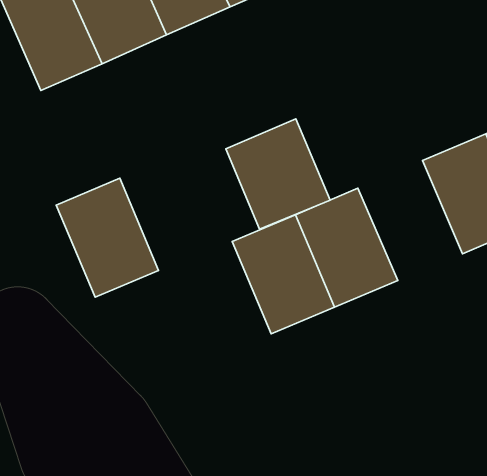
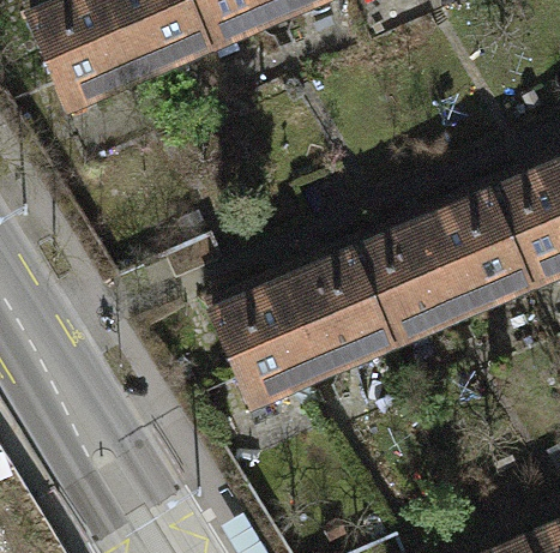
building: [226,119,330,229] -> none
building: none -> [414,185,526,314]
building: [56,178,159,297] -> [210,272,320,401]

